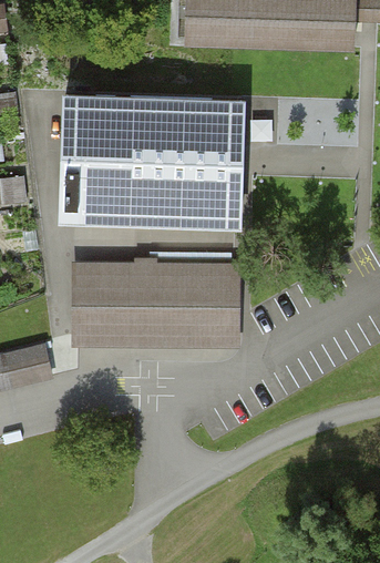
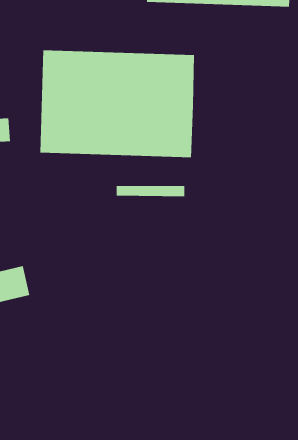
building: [76,266,234,345] -> none

